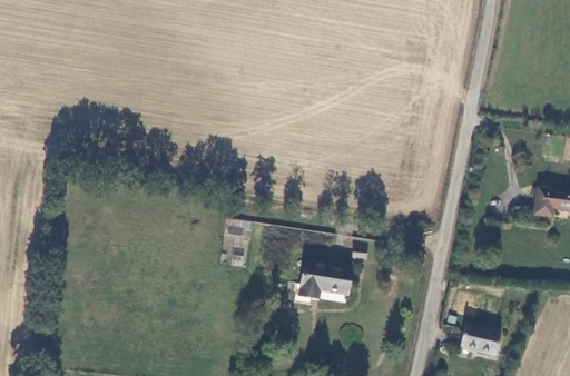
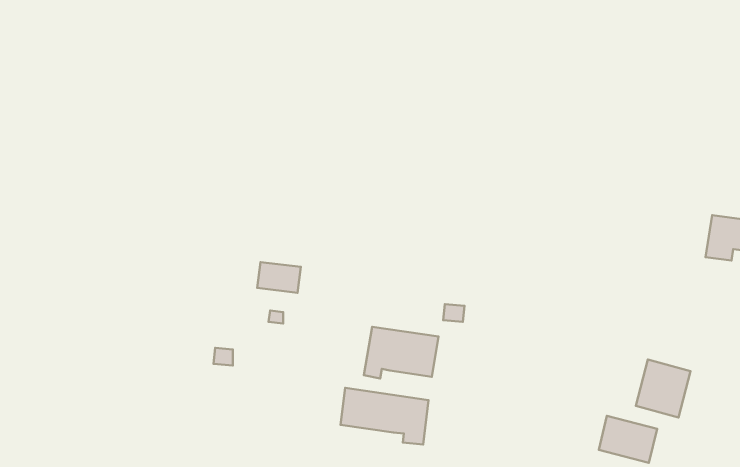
building: none -> [636,360,690,418]
building: none -> [341,388,429,445]

